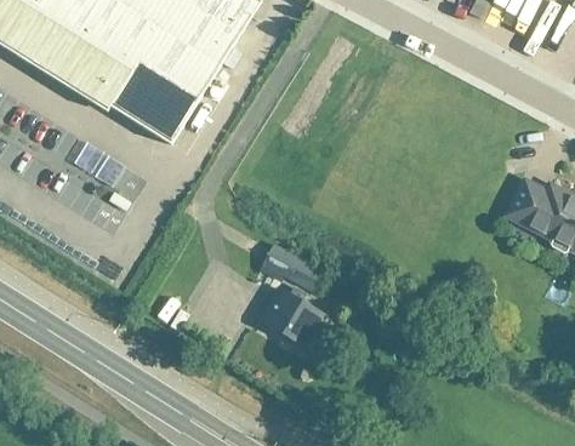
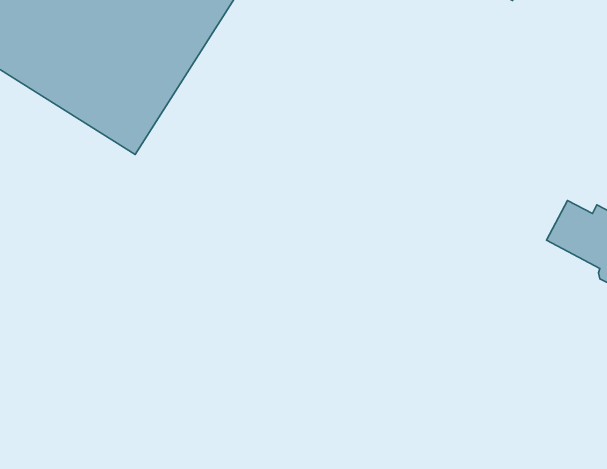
building: [260,244,326,292] -> none
building: [261,287,324,347] -> none

